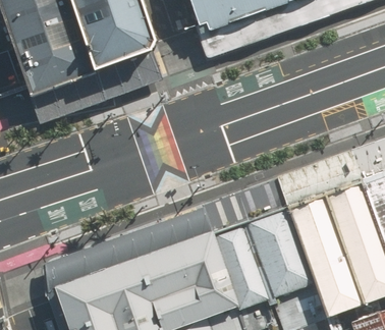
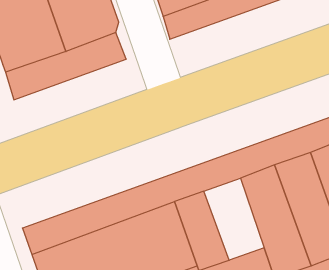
building: [245,207,311,295] -> none

